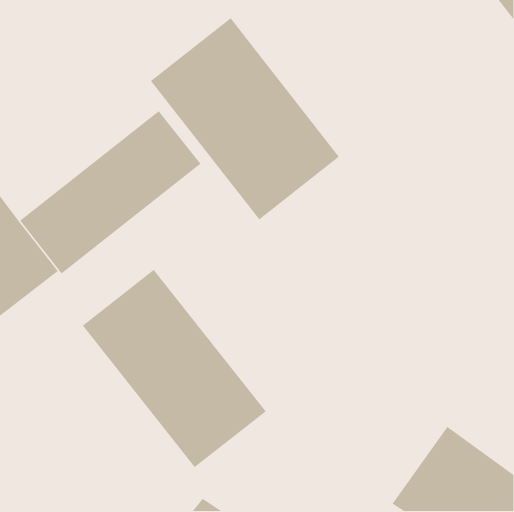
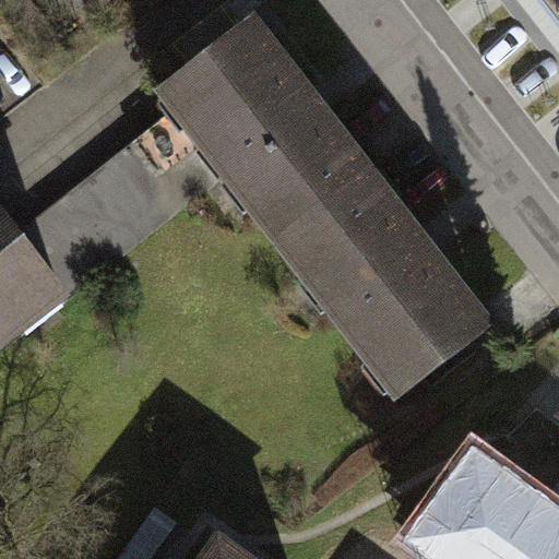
building: none -> [280,169,487,391]
building: [82,269,267,468] -> none

